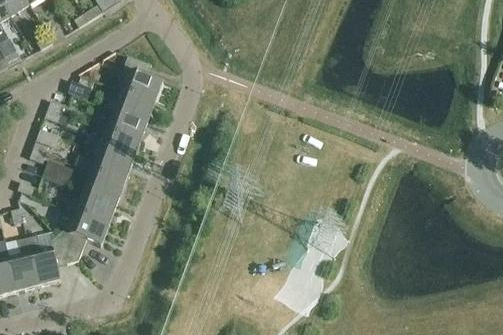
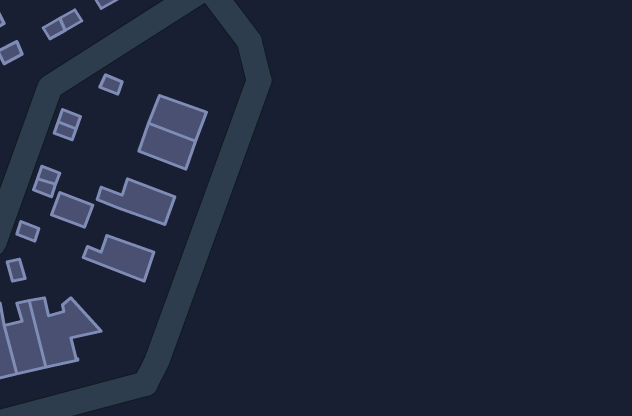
building: [119,53,161,100] -> none
building: [96,128,138,161] -> none
building: [81,169,123,201] -> none
building: [55,205,108,258] -> none

